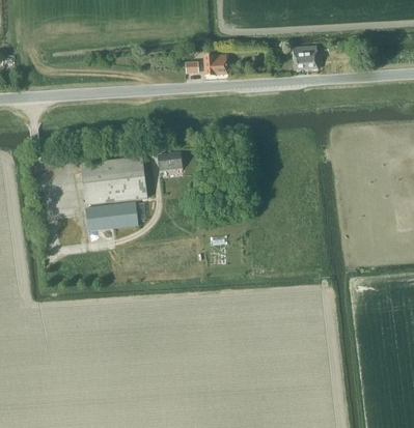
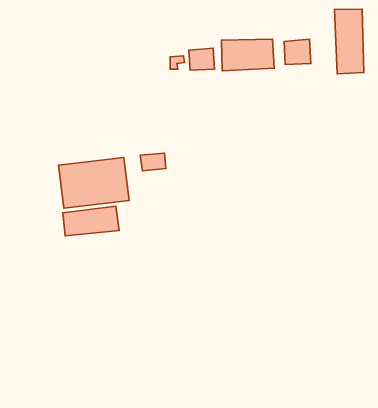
building: none -> [334,9,364,74]
building: none -> [221,39,274,71]

